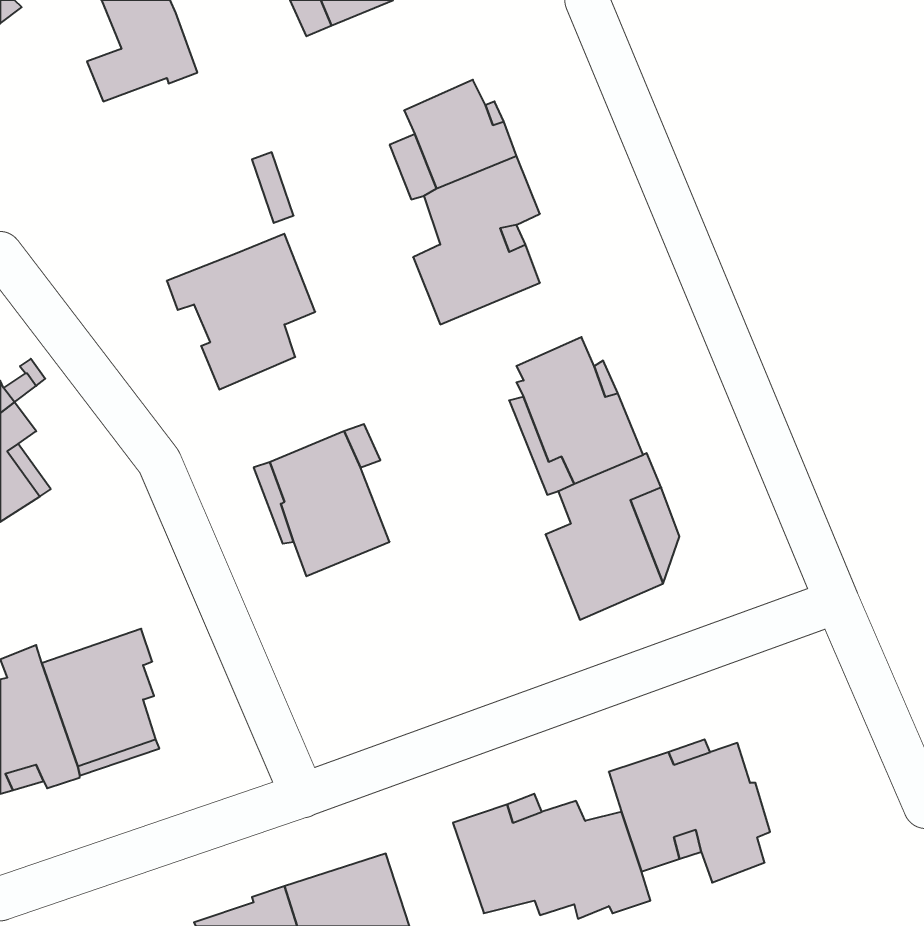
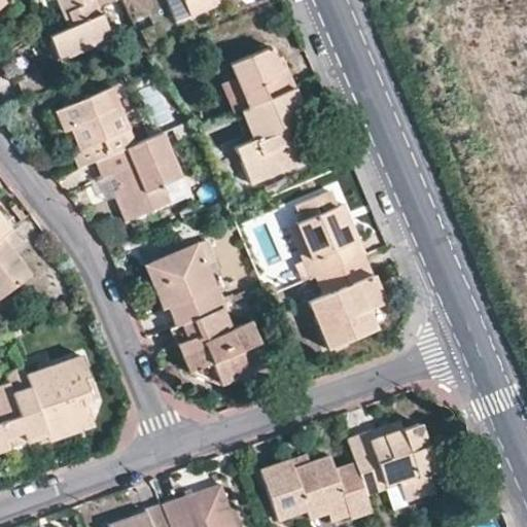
building: none -> [56,80,137,167]
building: none -> [173,308,268,385]

